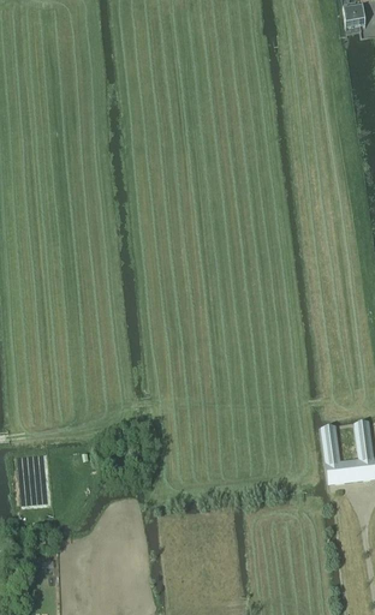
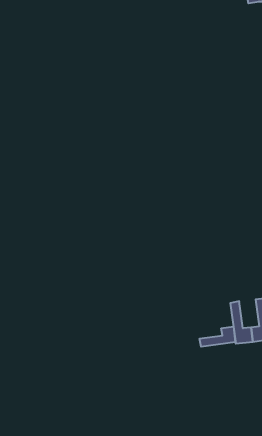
building: none -> [200,327,235,347]

